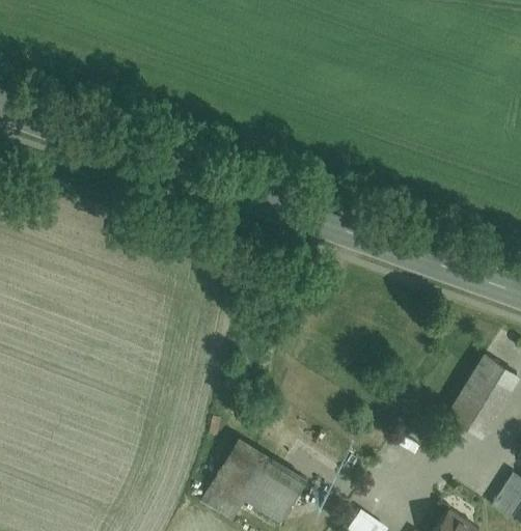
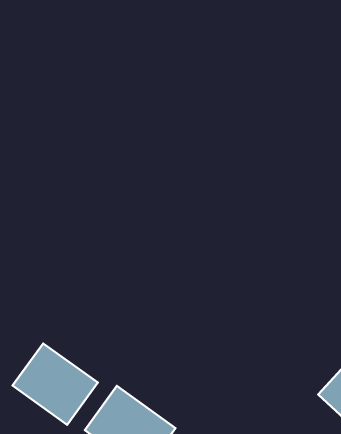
building: none -> [13,343,98,425]

